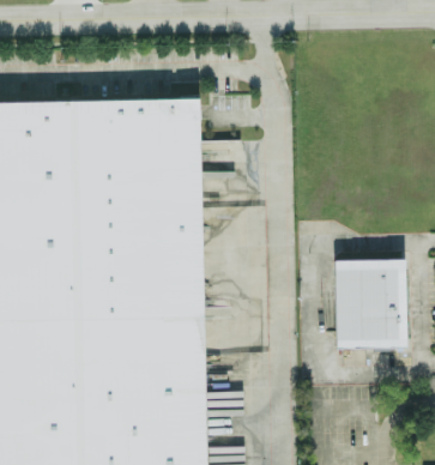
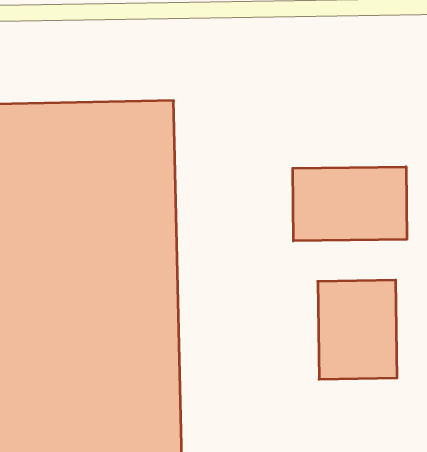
building: none -> [293,167,407,241]

